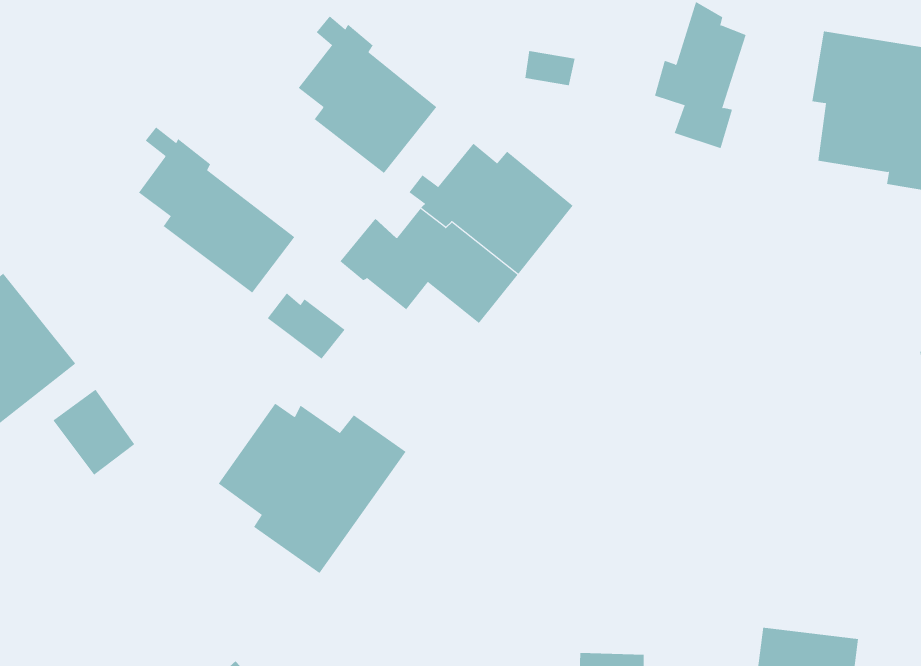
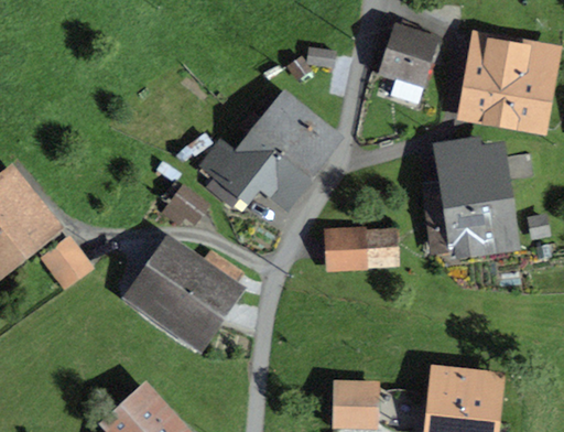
building: [298,16,437,174] -> none
building: [138,127,295,294] -> none
building: none -> [429,141,505,250]
building: none -> [330,230,394,267]

